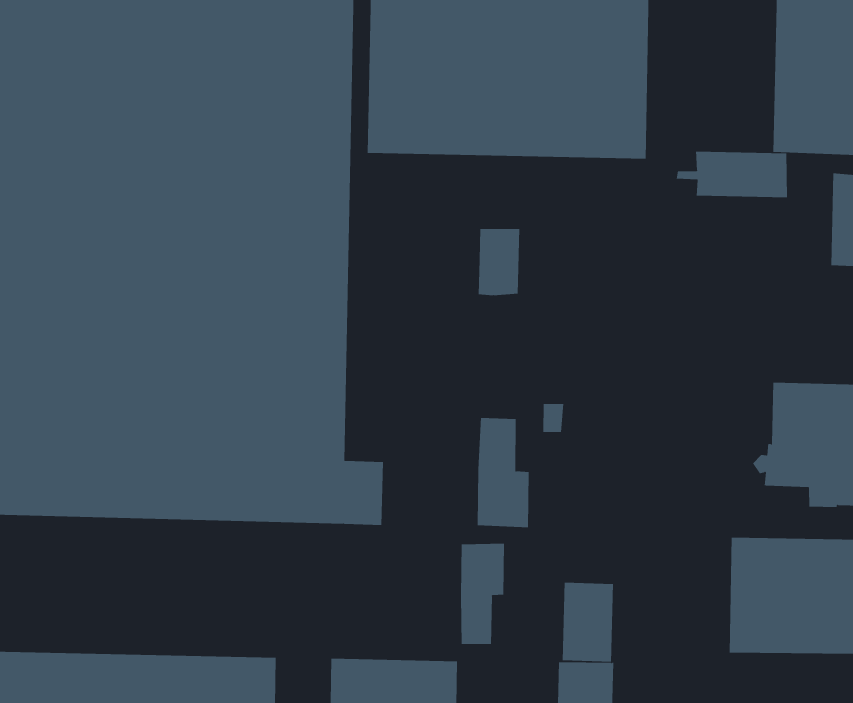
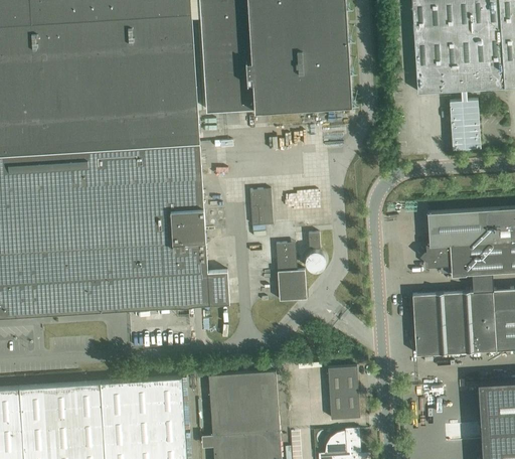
building: [676,151,787,198] -> none
building: [478,228,520,296] -> [250,189,274,225]
building: [460,543,504,645] -> none
building: [562,582,614,663] -> none

